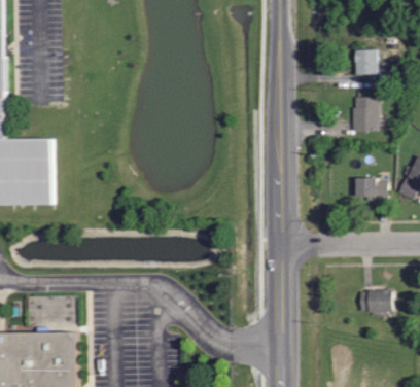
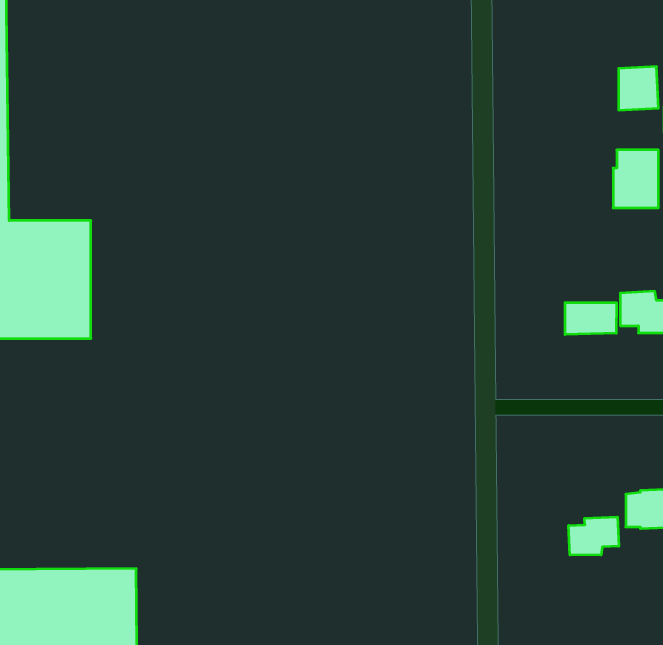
building: none -> [565,303,616,335]
building: none -> [569,517,619,555]

